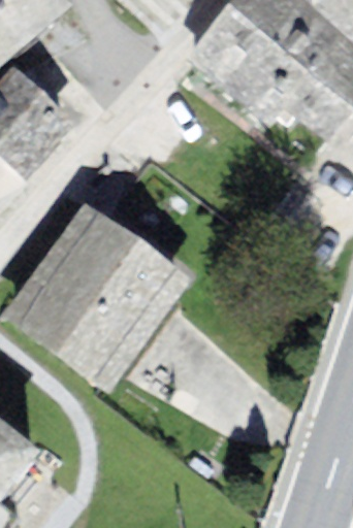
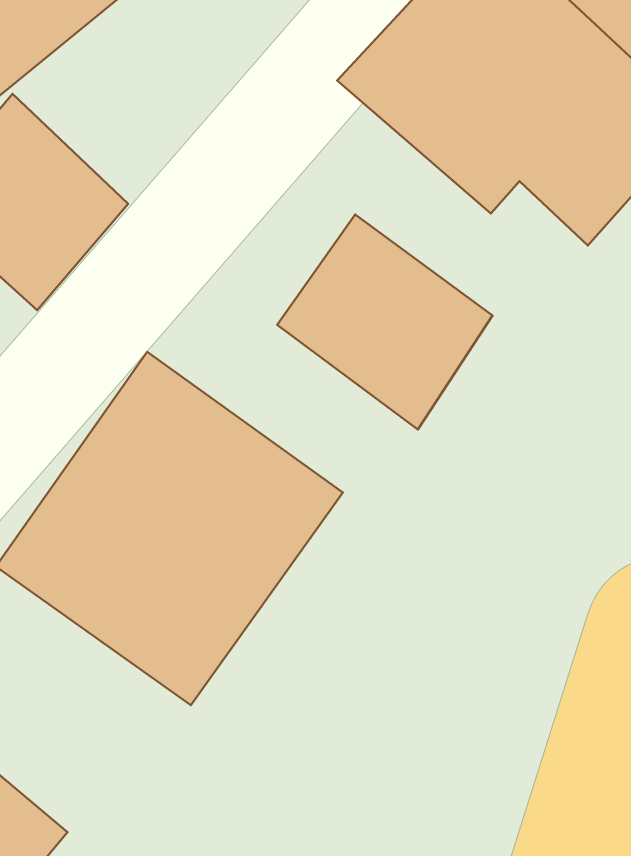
building: none -> [277,214,493,429]

